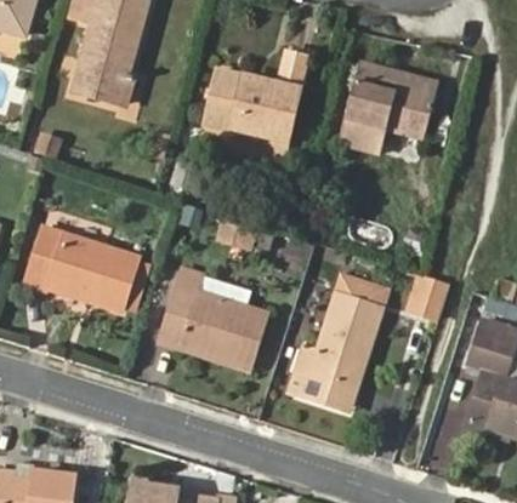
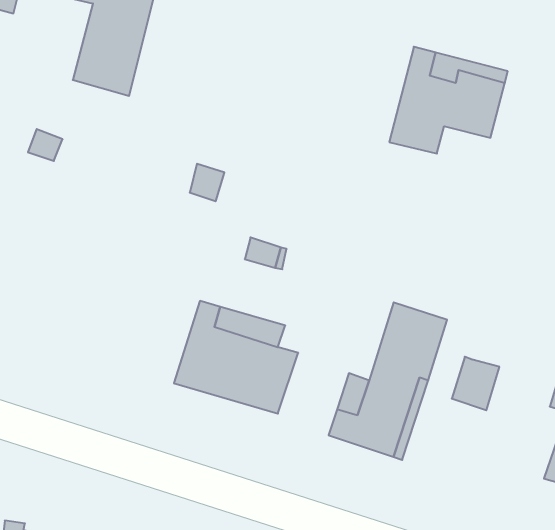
building: [206,55,306,160] -> none
building: [21,229,132,311] -> none
building: [407,274,447,319] -> [452,357,499,410]

